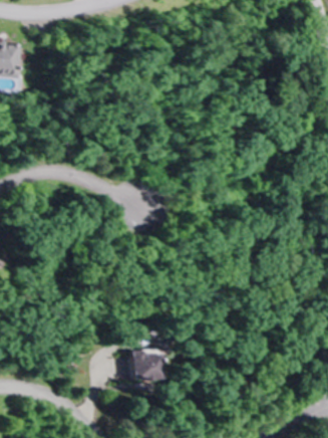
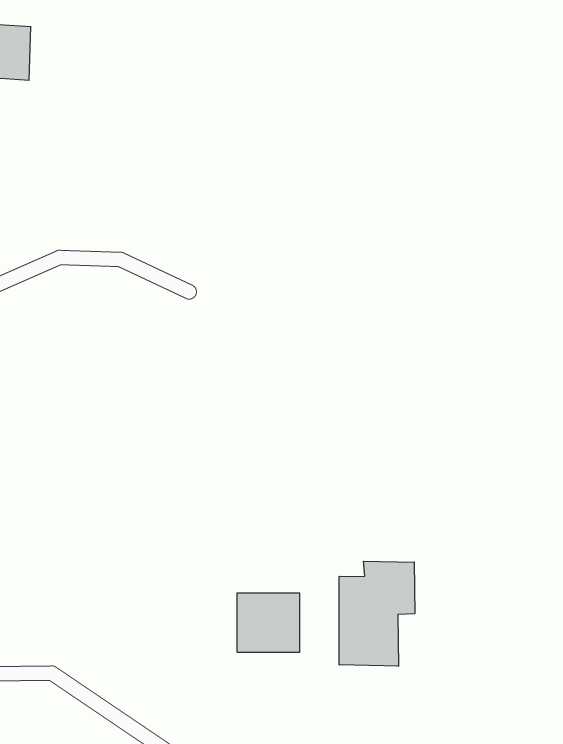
building: none -> [339,561,415,666]

